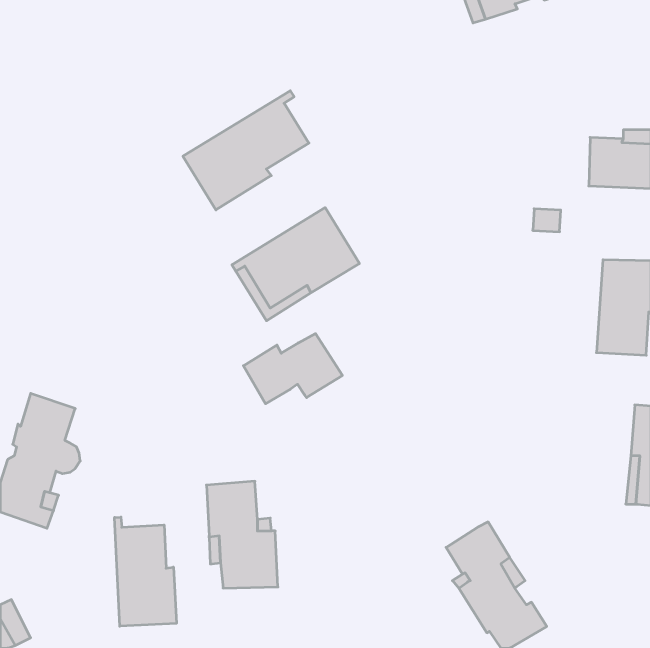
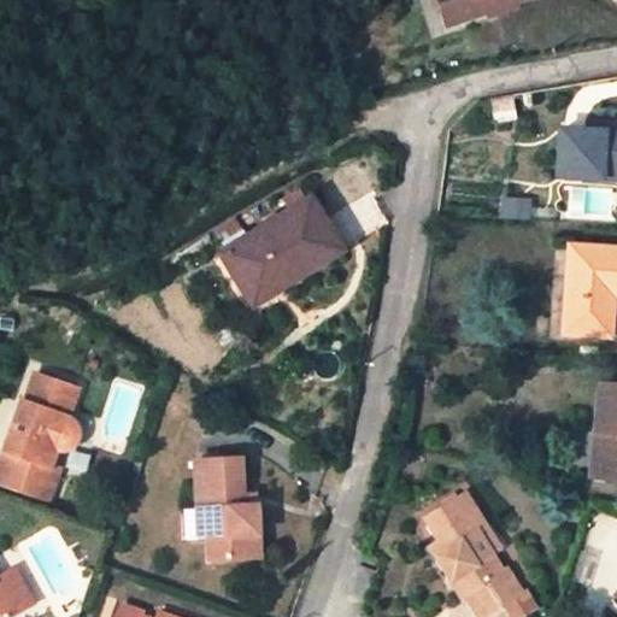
building: [183,91,309,210] -> none
building: [243,334,342,404] -> none
building: [115,517,176,626] -> none

